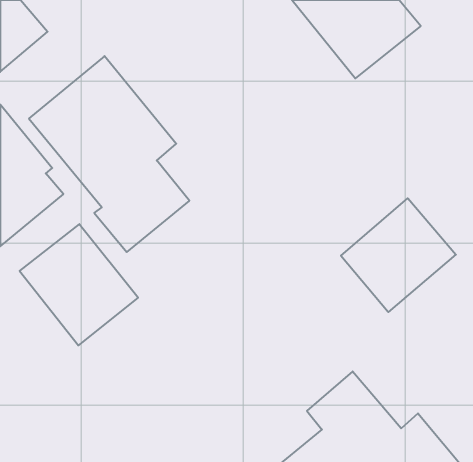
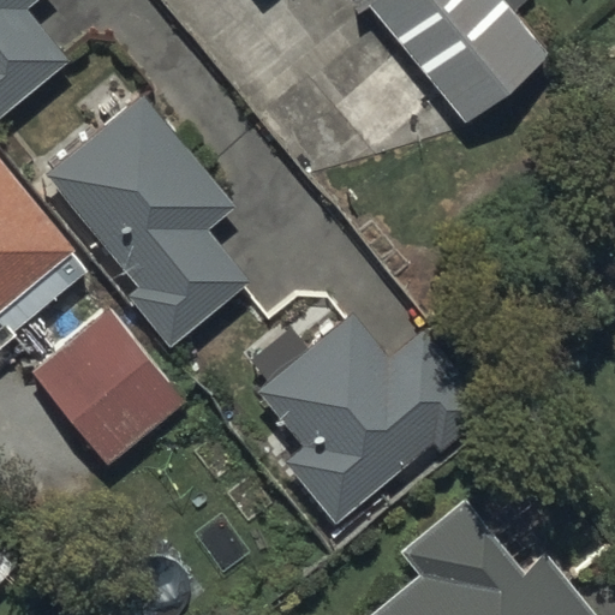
building: [341,198,456,312] -> none
building: none -> [259,314,490,517]

